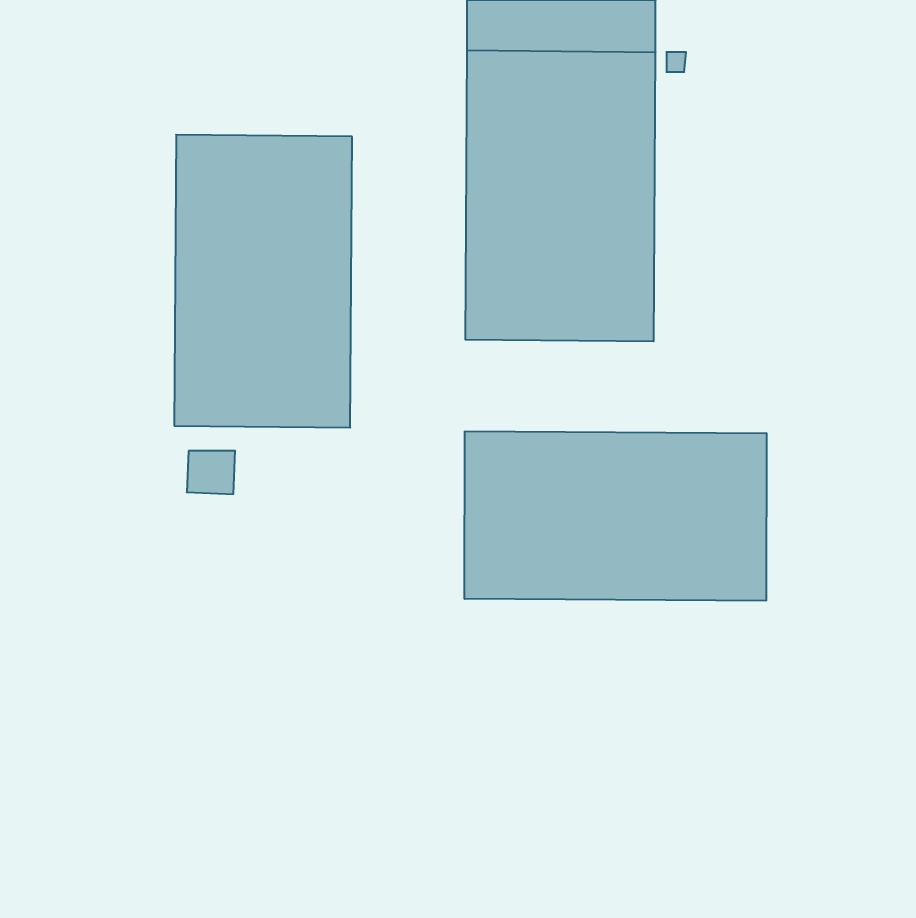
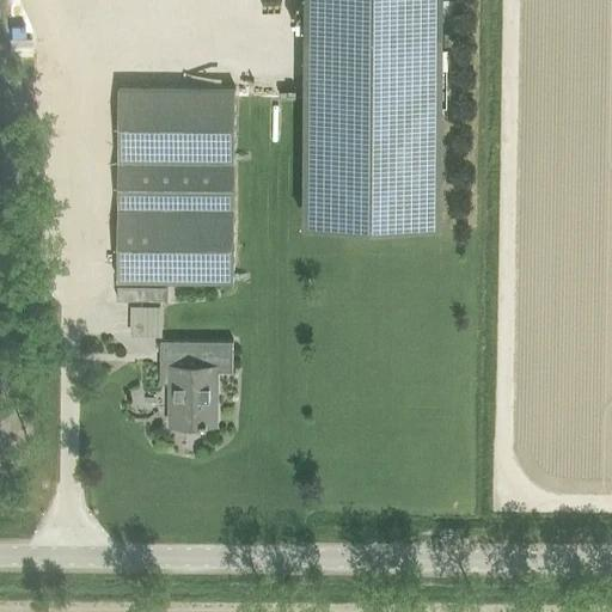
building: [465,431,766,601] -> none
building: none -> [159,343,232,428]

